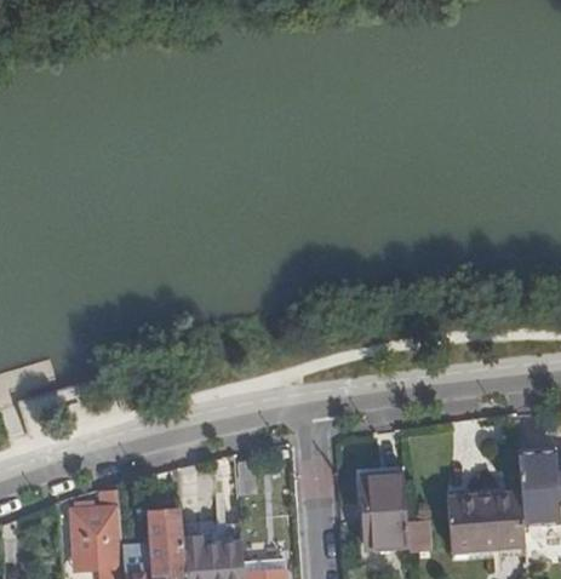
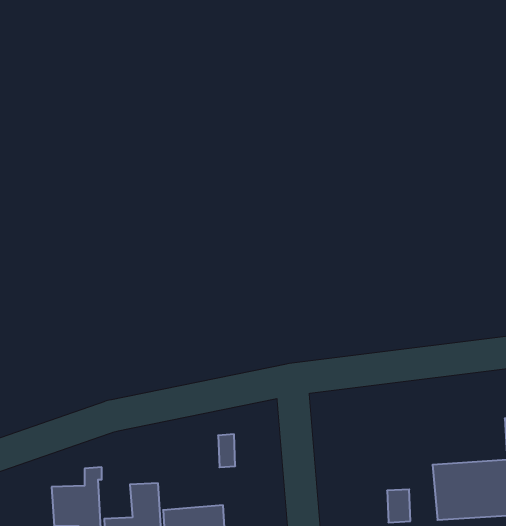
building: [359,472,402,546] -> none

